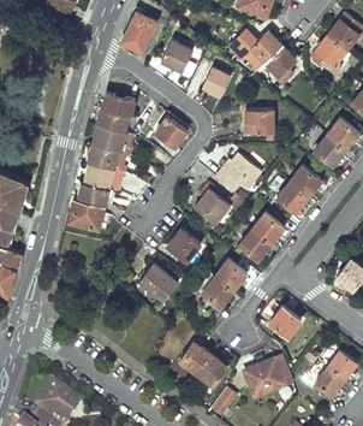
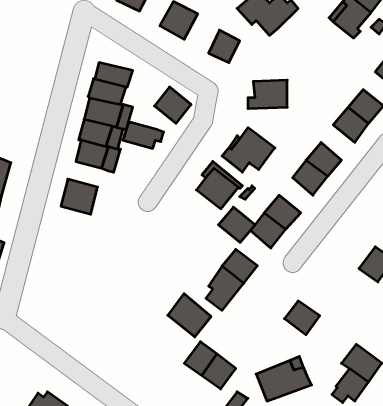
building: [264,46,293,85] -> none
building: [78,182,114,205] -> [123,123,164,148]
building: [168,229,201,260] -> [218,207,255,242]
building: [139,262,178,301] -> [168,294,211,337]

